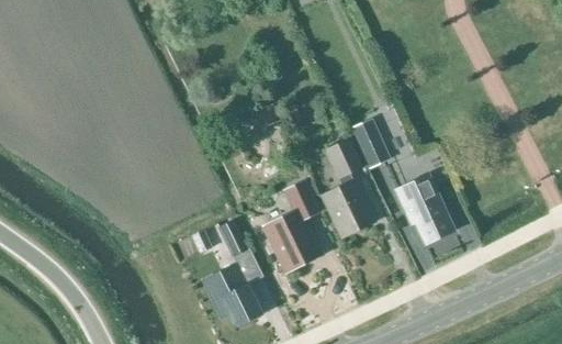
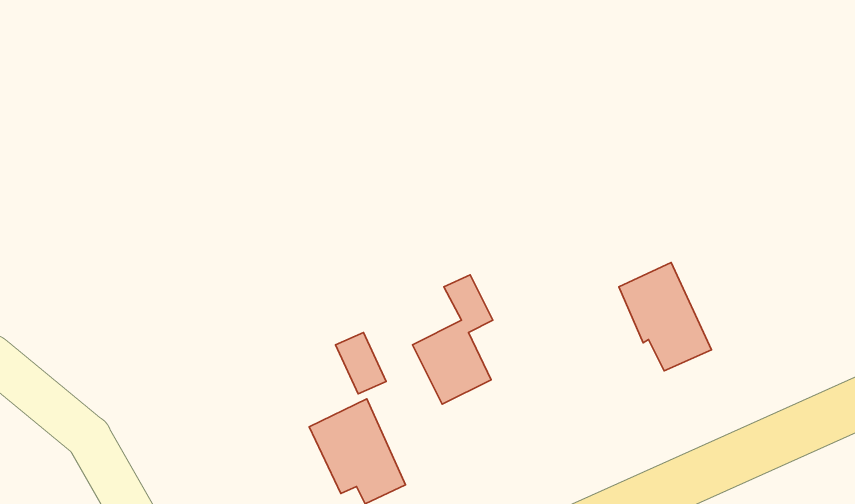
building: [350,118,392,168] -> none
building: [324,140,373,237] -> none

